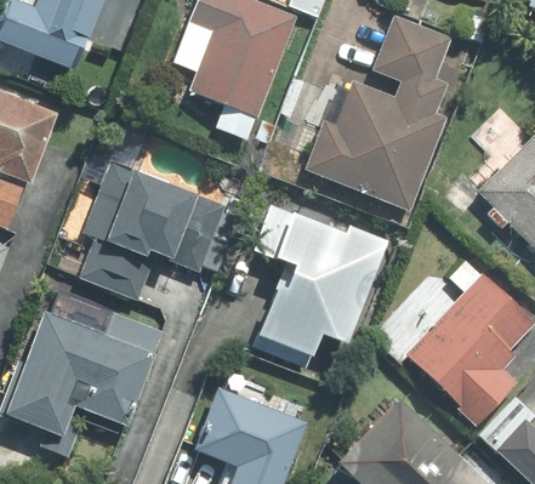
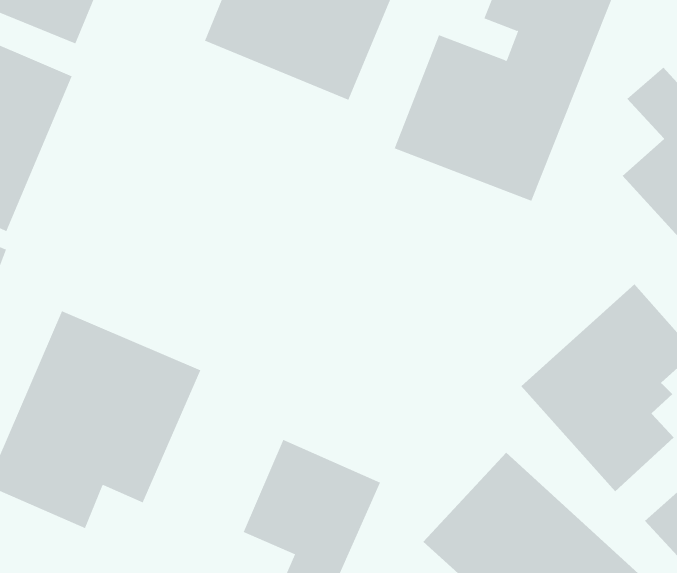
building: [67,139,224,290] -> none
building: [256,194,380,348] -> none

